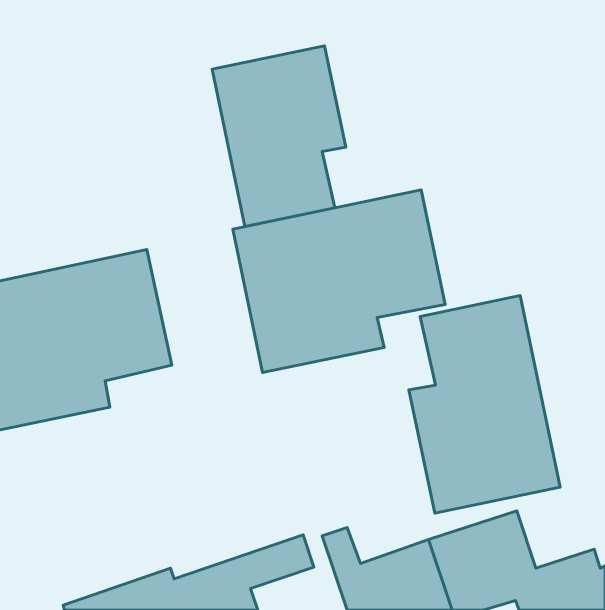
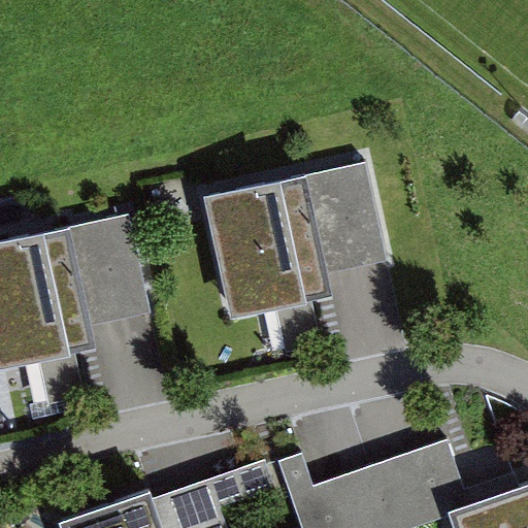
building: [212,46,346,227] -> none
building: [409,296,560,513] -> none

